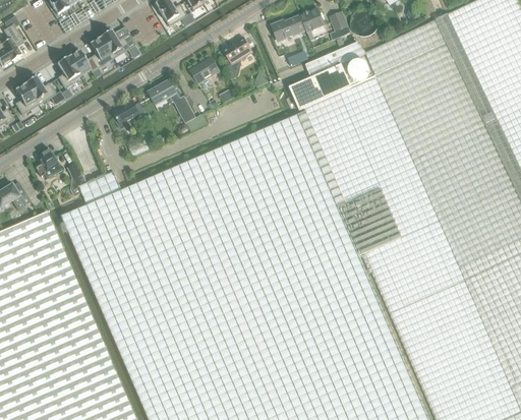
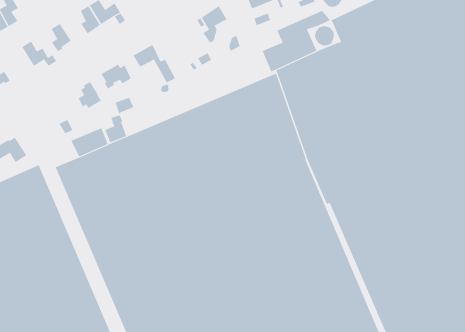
building: [68,50,98,75] -> none
building: [189,57,219,84] -> none
building: [14,82,39,114] -> none
building: [35,148,61,179] -> [78,81,102,109]
building: none -> [104,115,127,143]

